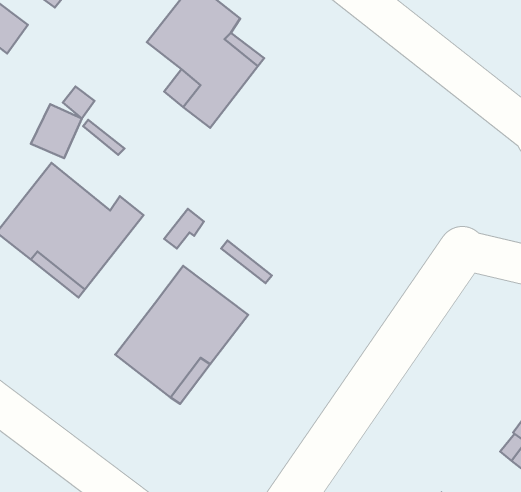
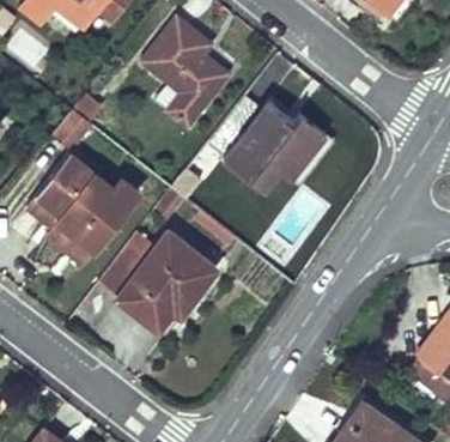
building: none -> [223,102,324,192]
building: none -> [98,244,146,297]

